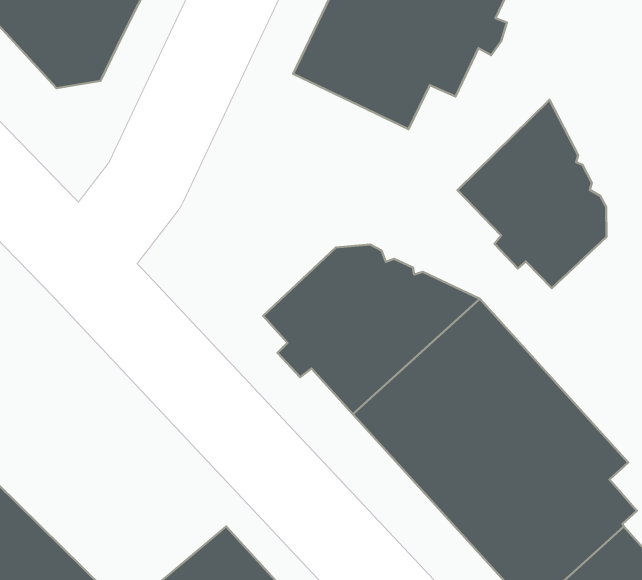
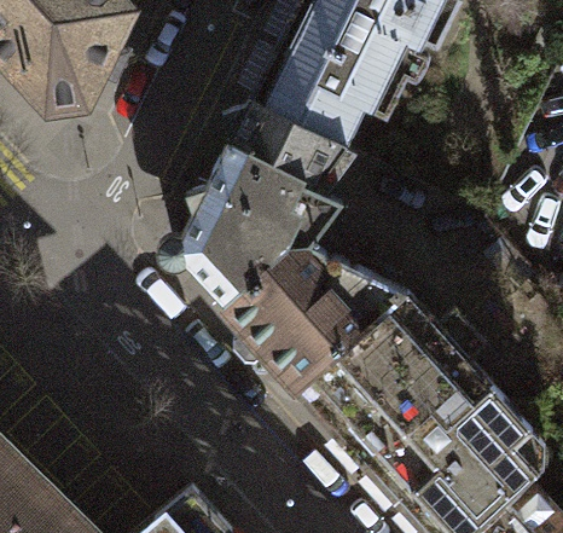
building: none -> [176,95,349,301]
building: [458,100,607,288] -> none

